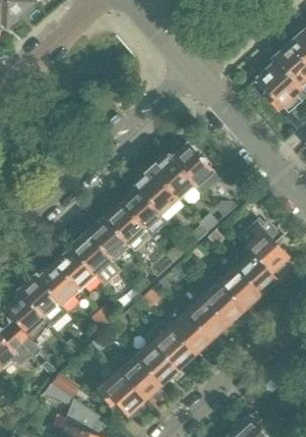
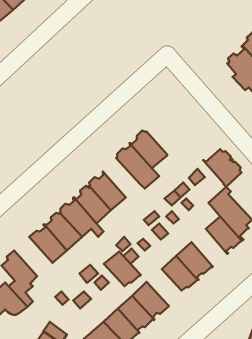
building: [168,144,211,186] -> [203,149,242,187]
building: [118,186,161,231] -> none
building: [219,267,259,308] -> none
building: [17,275,61,321] -> none
building: [168,313,209,352] -> [104,251,141,286]

